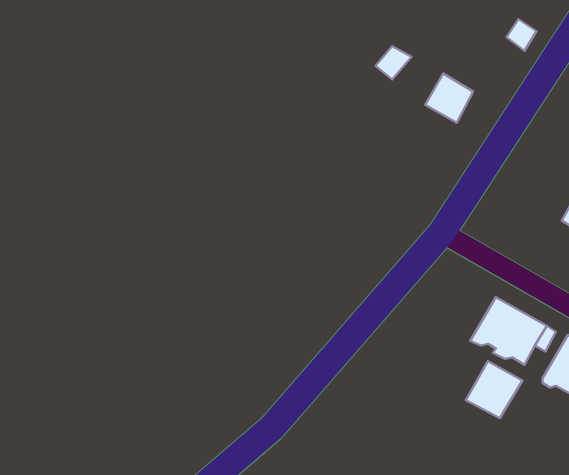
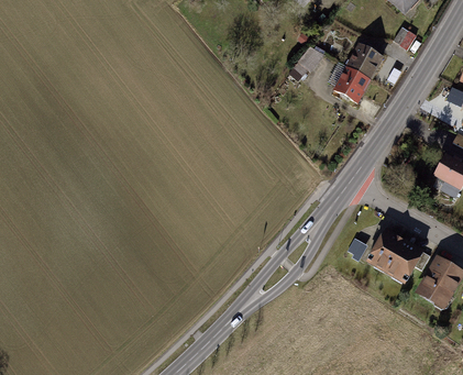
building: none -> [346,44,382,79]
building: [466,361,523,418] -> none

